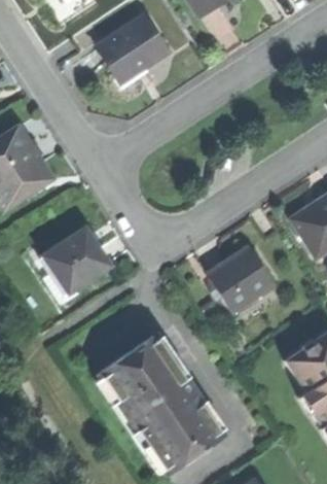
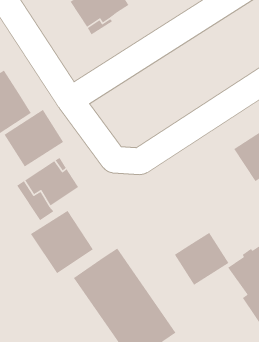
building: none -> [4,109,64,168]
building: [208,245,274,309] -> [174,232,230,286]
building: none -> [30,210,94,274]

